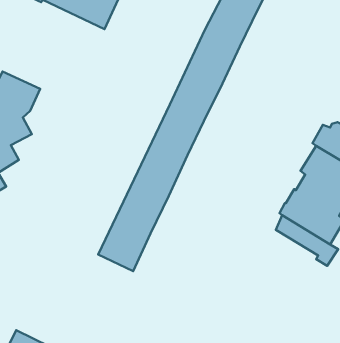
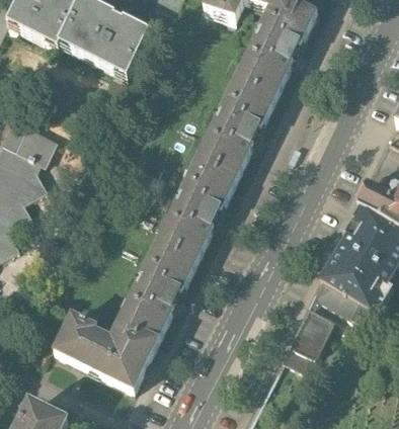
building: none -> [283,305,333,368]
building: none -> [55,314,158,389]

